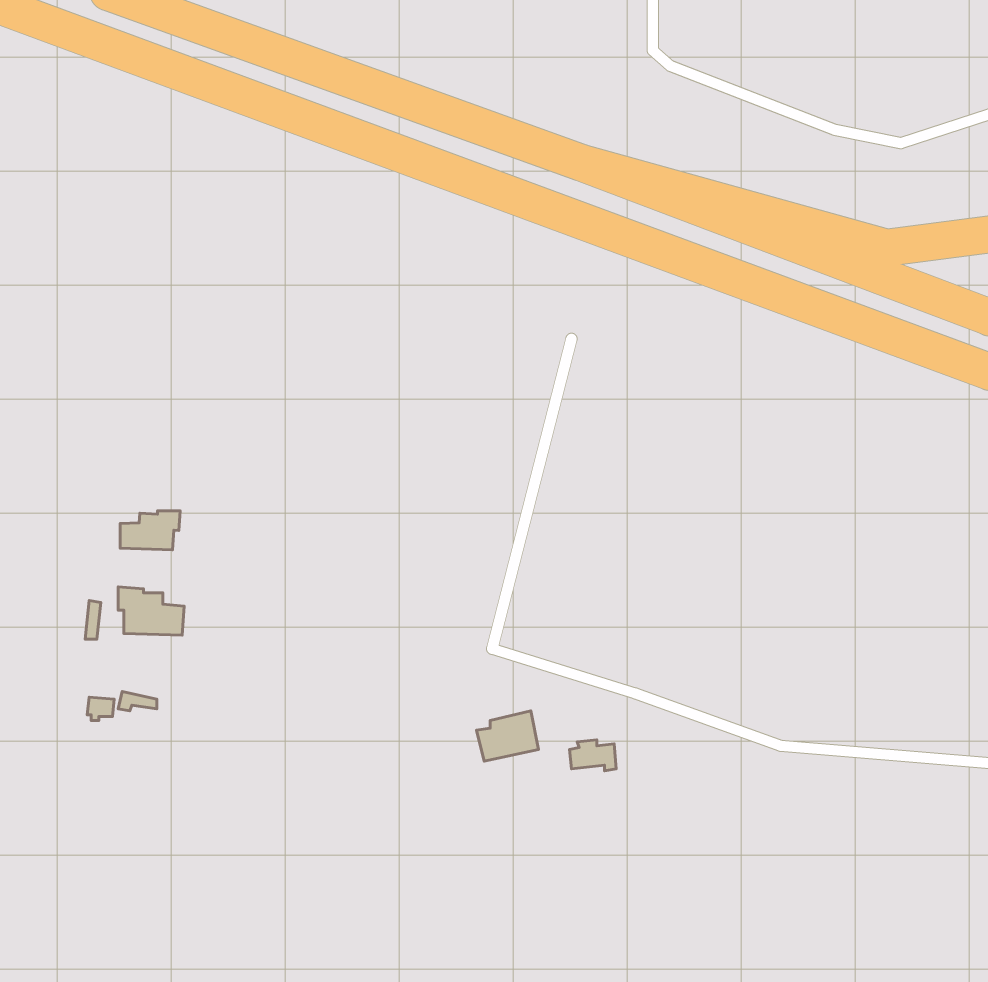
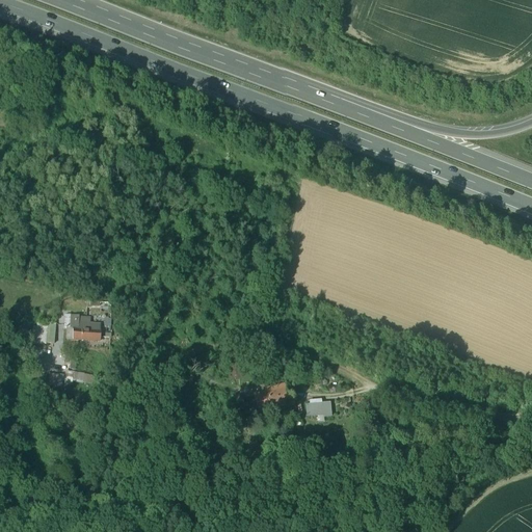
building: [120,511,180,550] -> none

